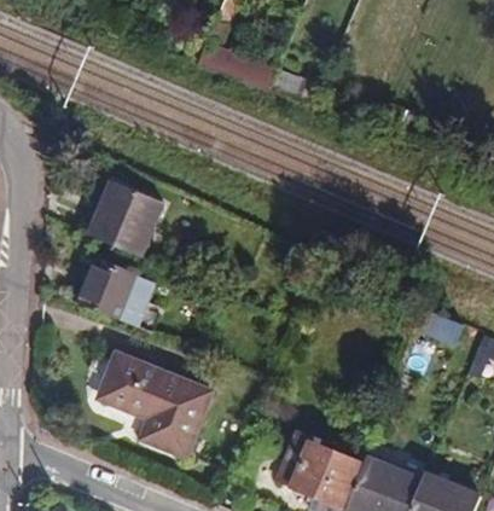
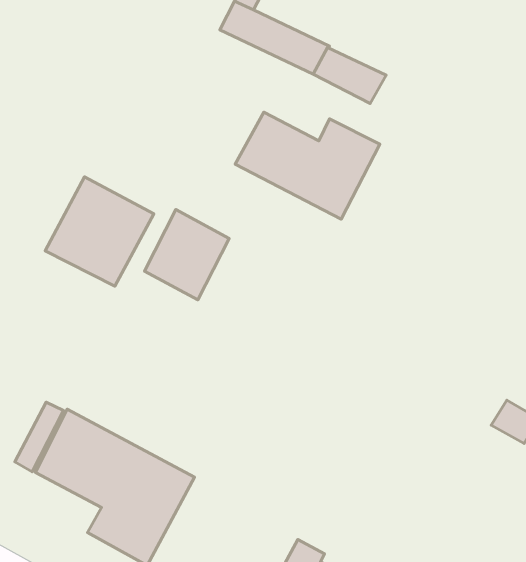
building: none -> [235,112,380,219]
building: [77,256,136,320] -> [144,210,229,300]

